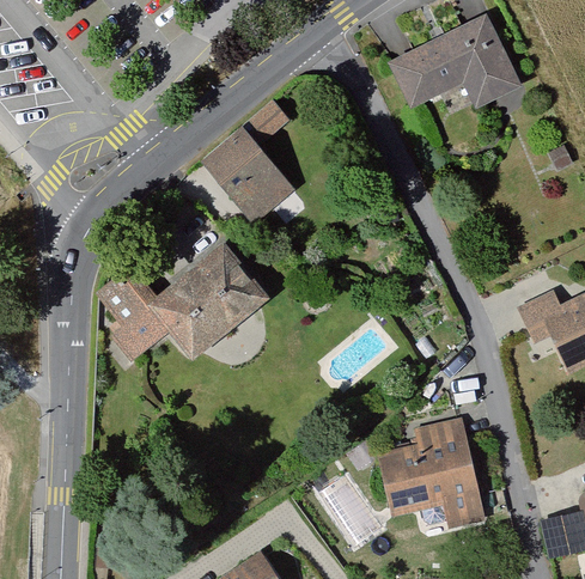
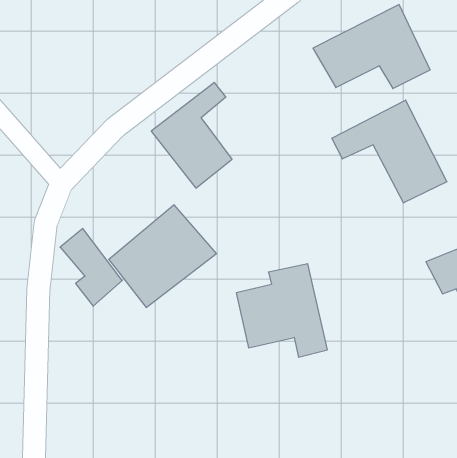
building: none -> [332,100,447,203]
building: [377,420,482,528] -> [236,264,327,357]

